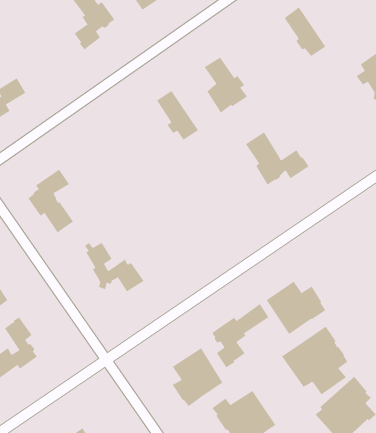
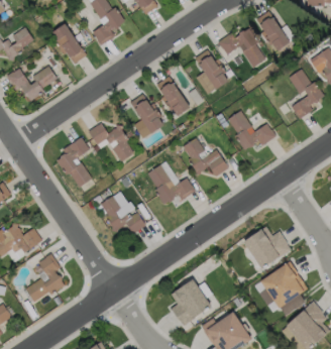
building: none -> [52,23,87,64]
building: none -> [218,27,265,67]
building: none -> [290,70,325,118]
building: none -> [130,95,165,138]
building: none -> [89,123,133,161]
building: none -> [184,138,229,177]
building: none -> [148,166,196,206]
building: [211,303,269,368] -> none

